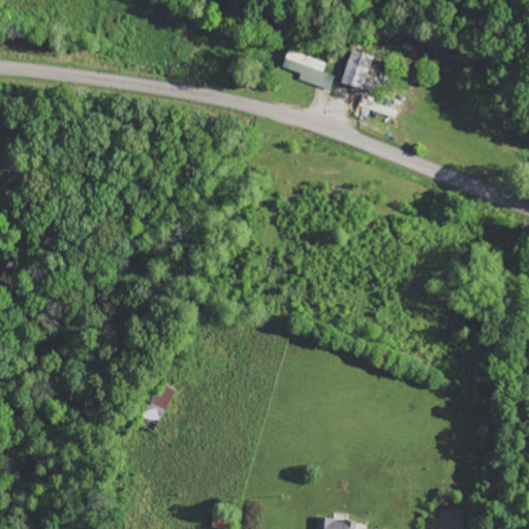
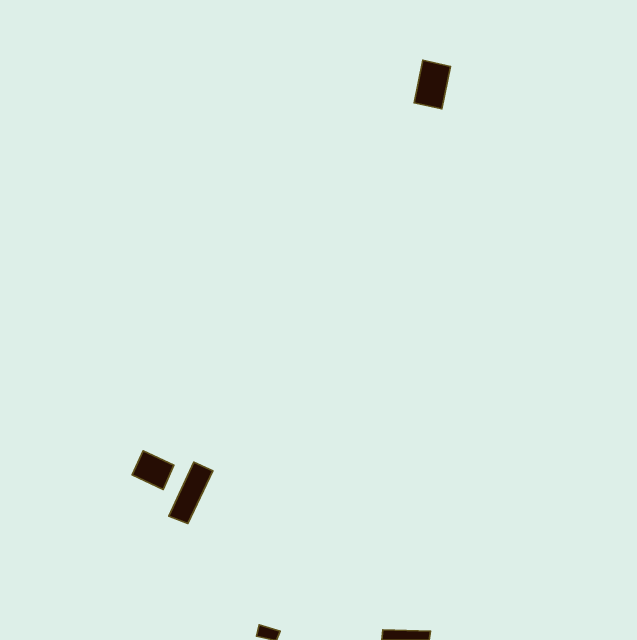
building: [282,50,335,91] -> none
building: none -> [132,451,174,489]

